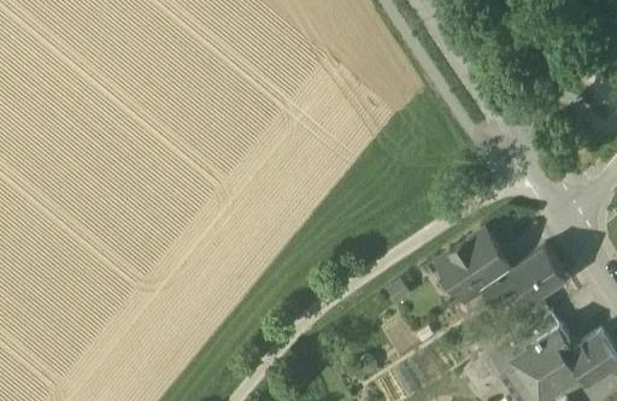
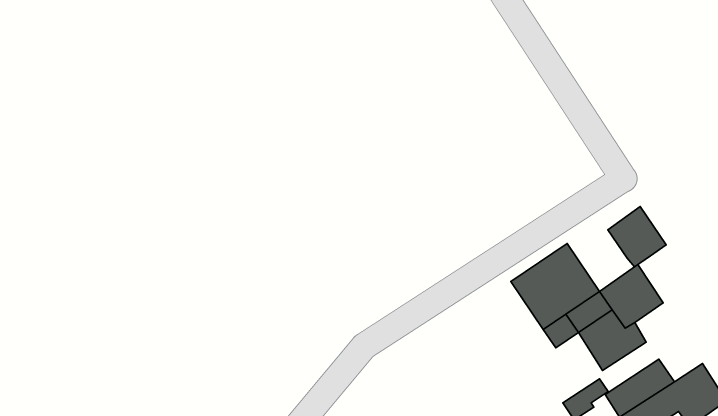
building: none -> [608,207,666,267]

